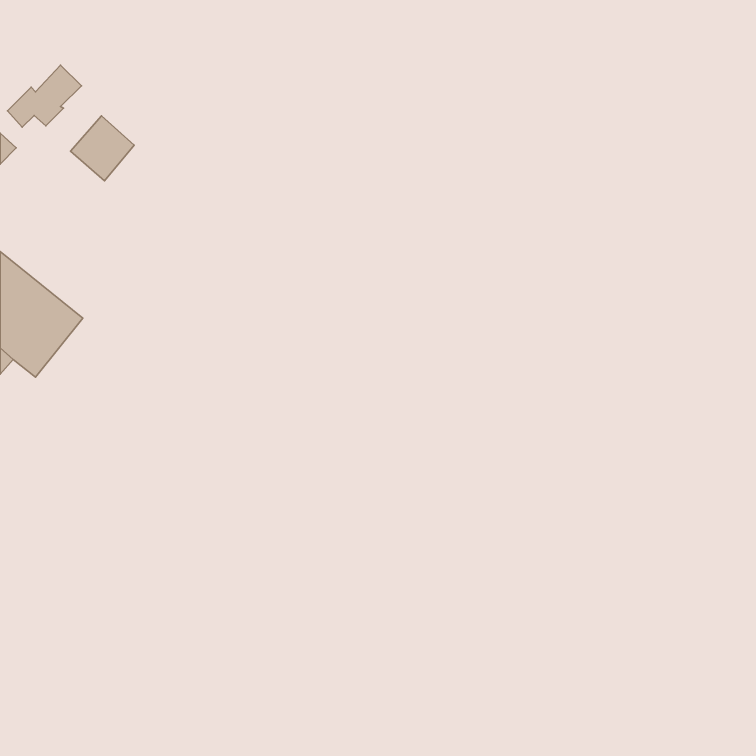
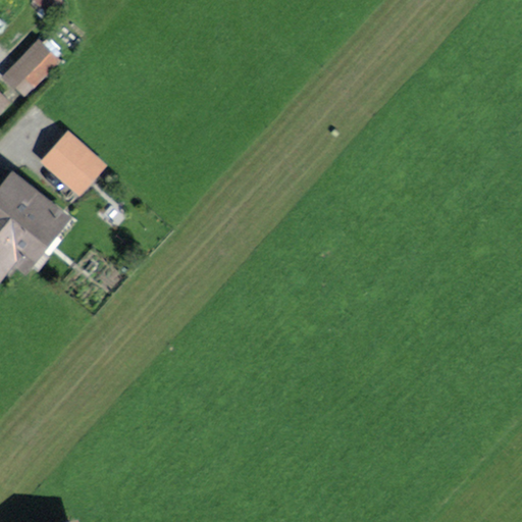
building: [71,116,134,181] -> [47,137,91,181]

